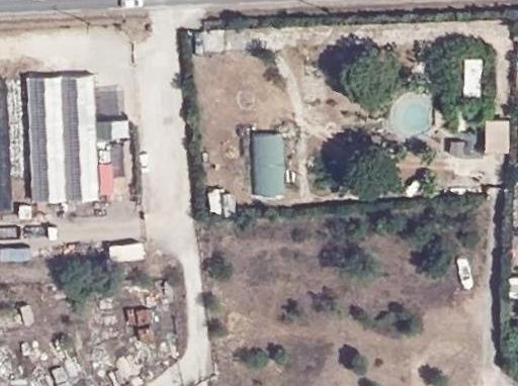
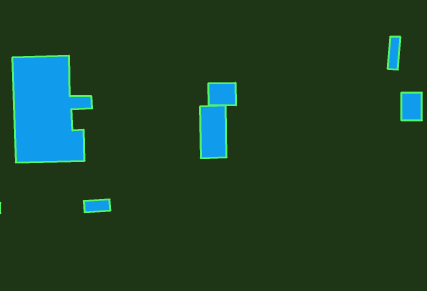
building: none -> [208,83,236,106]

